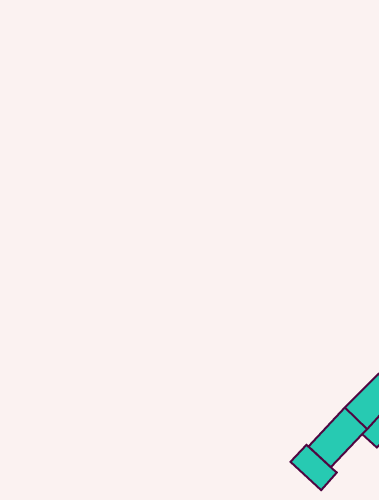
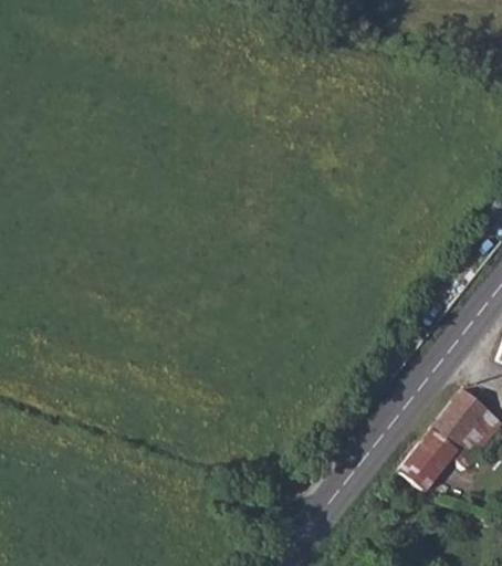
building: [291,445,337,490] -> none

